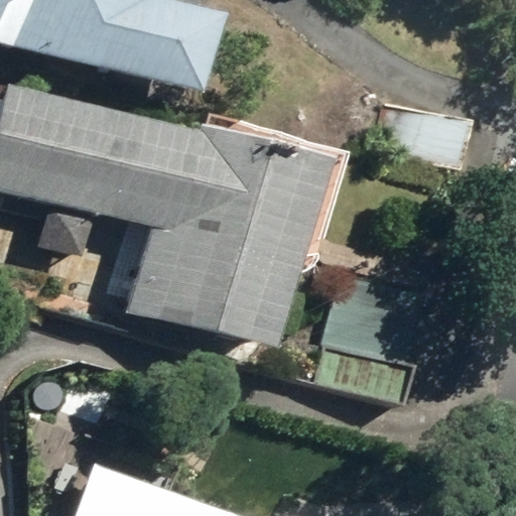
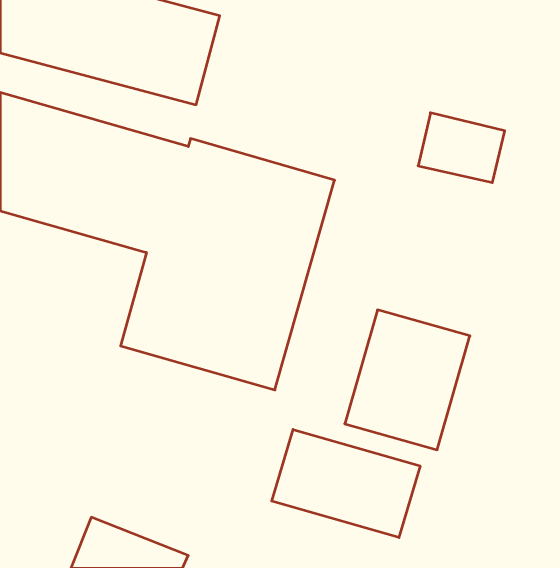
building: none -> [272,429,420,538]

